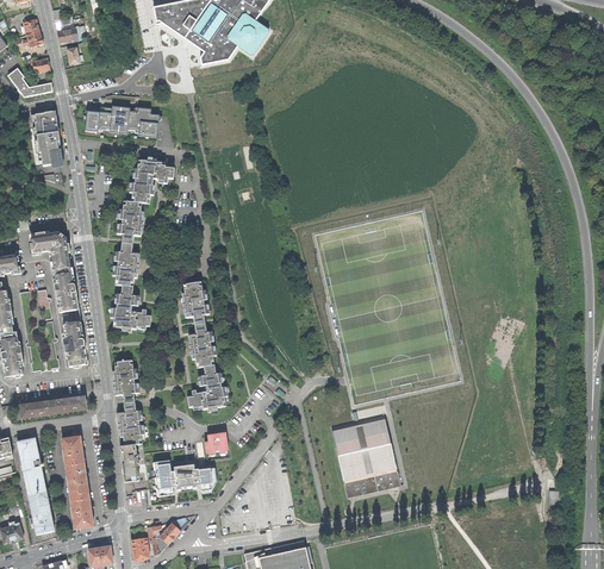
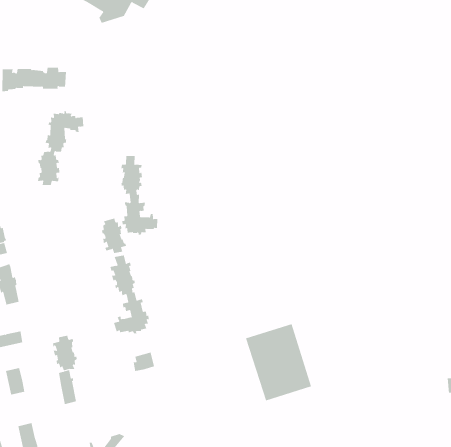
building: [110,242,150,331] -> [120,155,158,235]
building: [112,359,138,399] -> none
building: [149,457,217,495] -> none
building: [66,464,87,501] -> none

